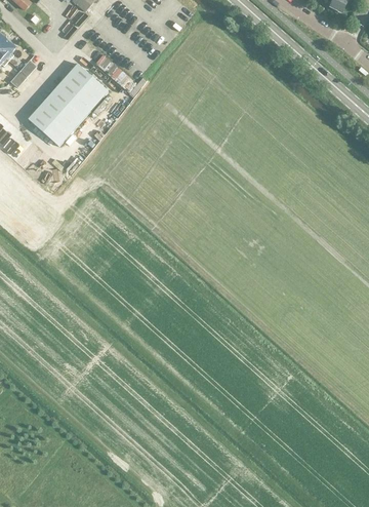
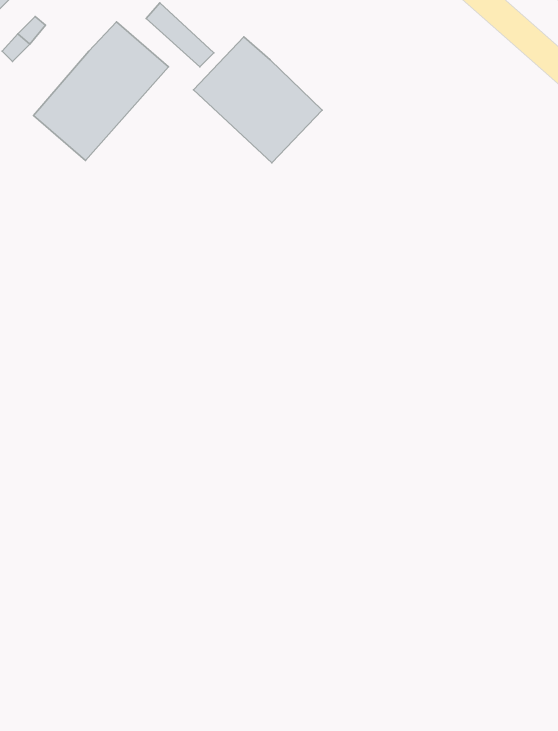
building: none -> [194,37,322,163]

